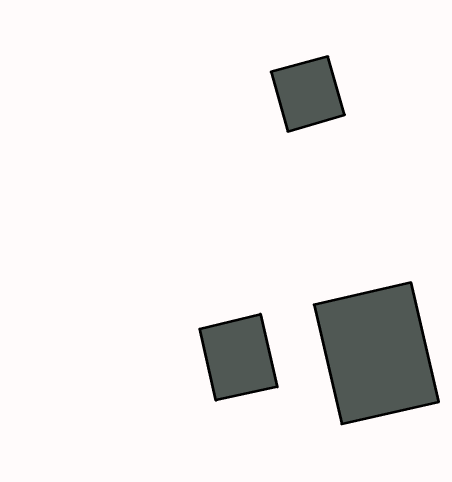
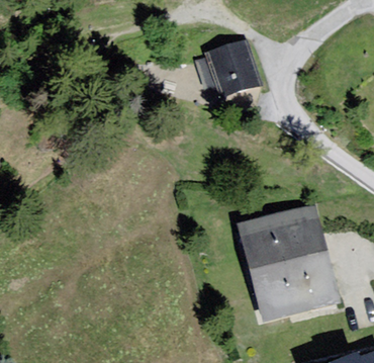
building: [200,314,277,400] -> none

